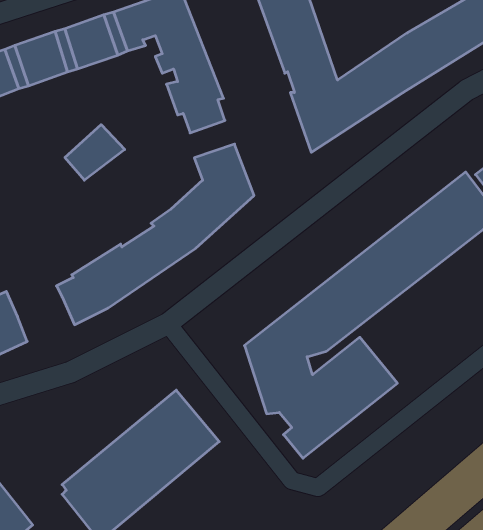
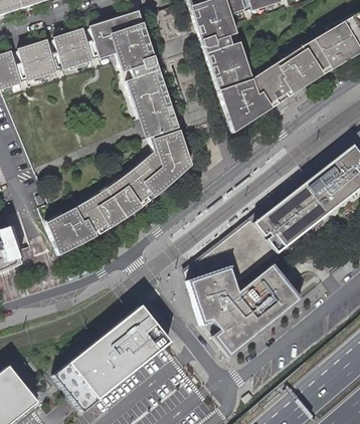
building: none -> [147,103,179,133]
building: [65,125,125,180] -> none

